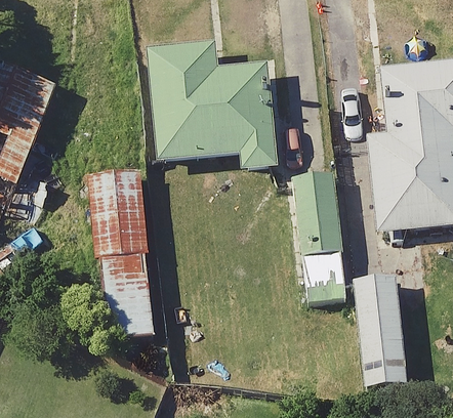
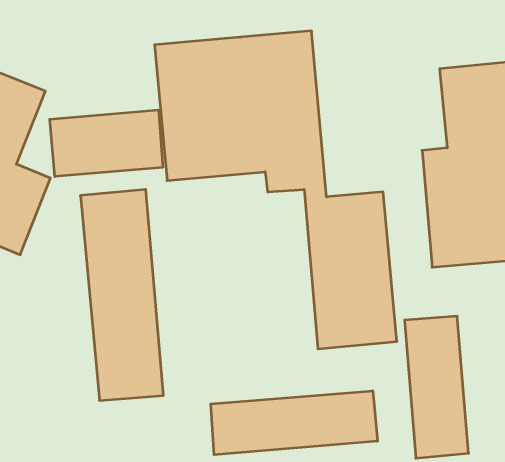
building: none -> [50,110,163,177]
building: none -> [211,391,377,455]

